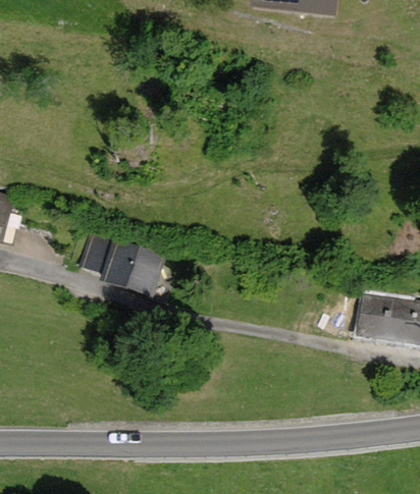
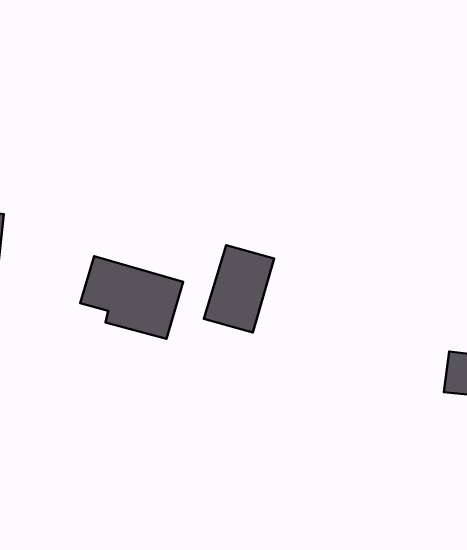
building: none -> [204,245,274,332]

